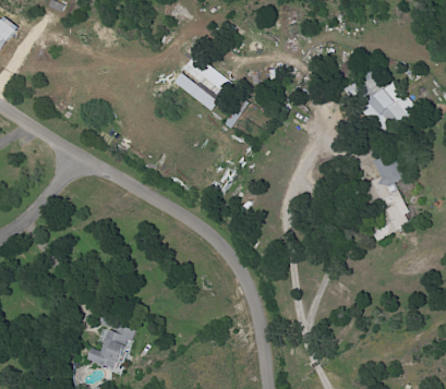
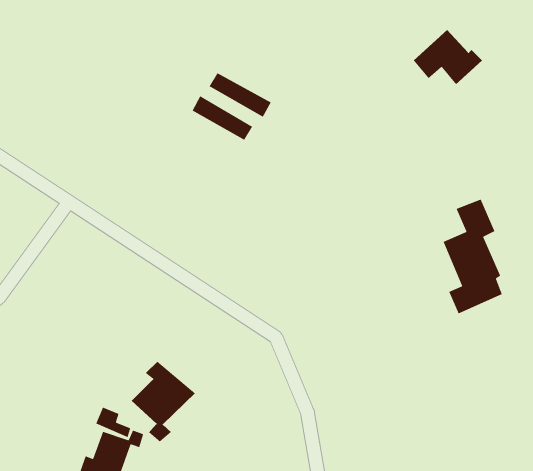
building: [362,84,415,126] -> [413,29,483,85]
building: none -> [131,361,196,443]

